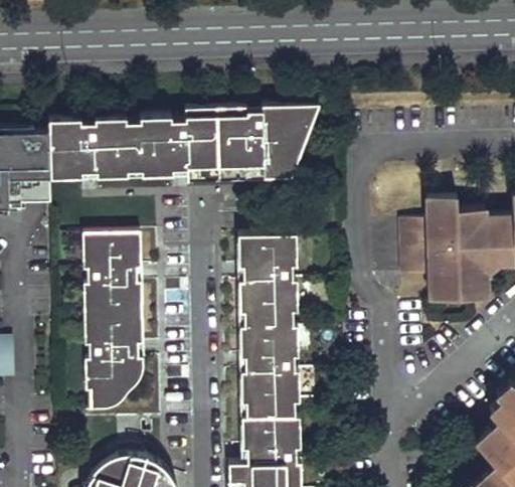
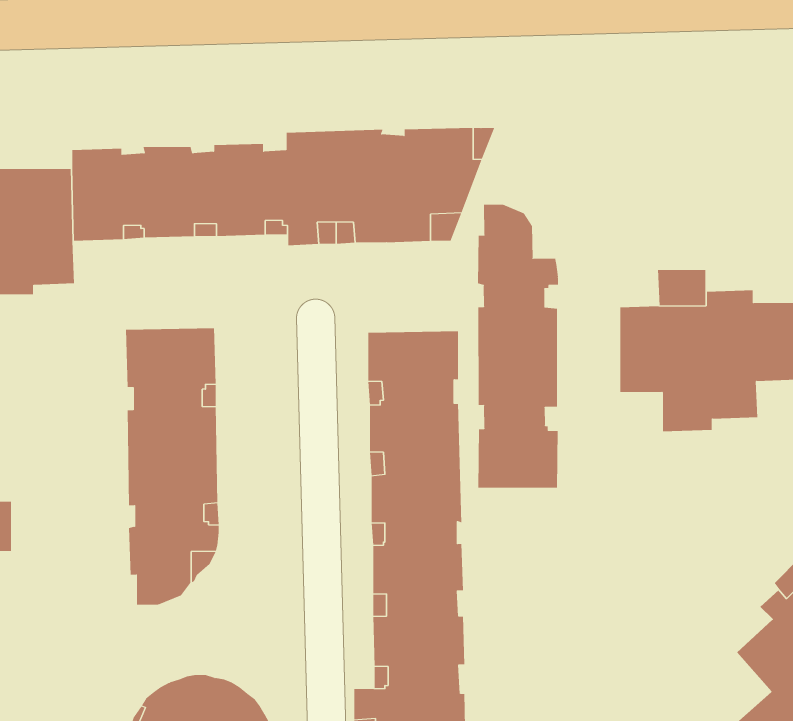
building: none -> [478,204,559,489]

